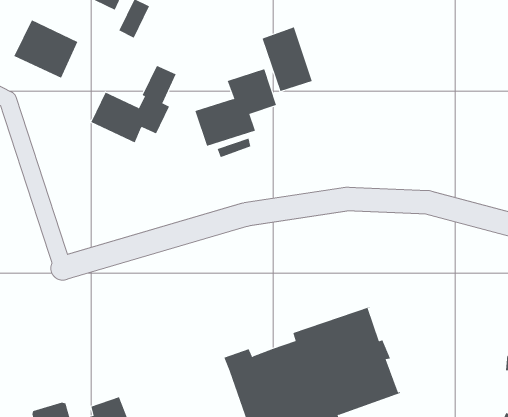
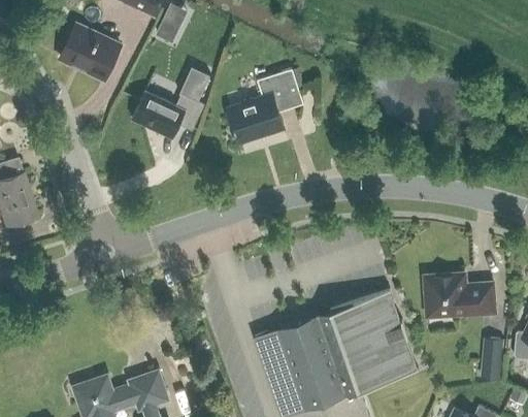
building: [262,27,313,92] -> none
building: none -> [426,275,495,315]
building: none -> [478,338,503,380]

